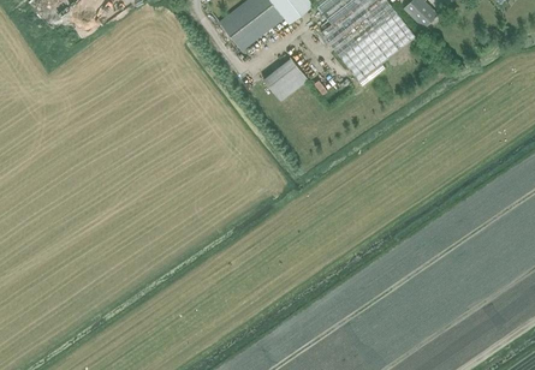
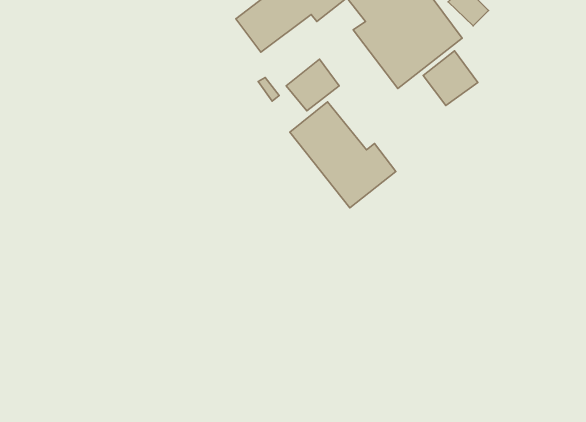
building: none -> [423,51,478,105]
building: none -> [290,102,396,208]

